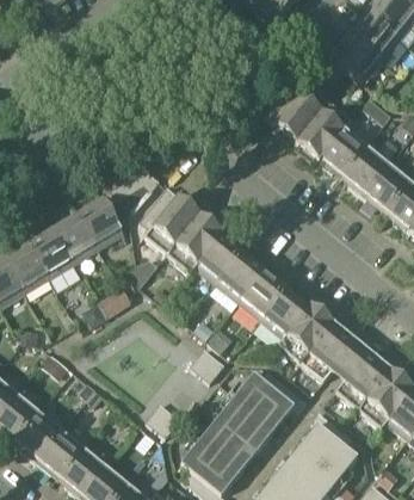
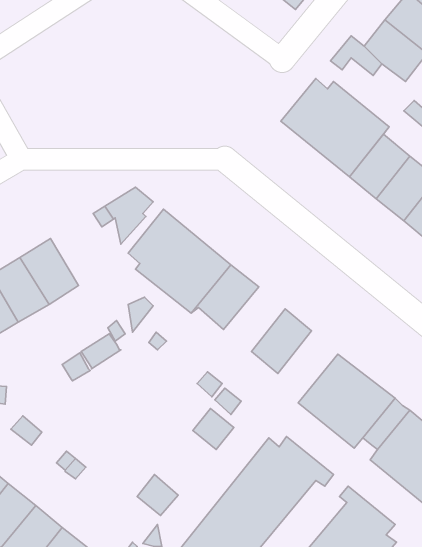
building: [76,196,124,248] -> none
building: [217,249,267,302] -> none
building: [261,285,310,338] -> none

